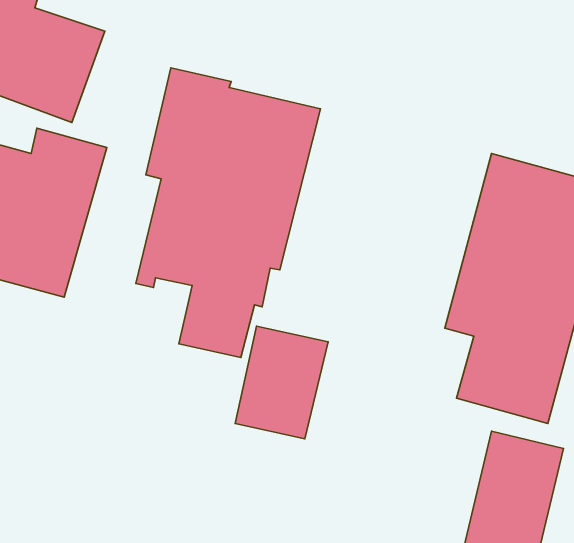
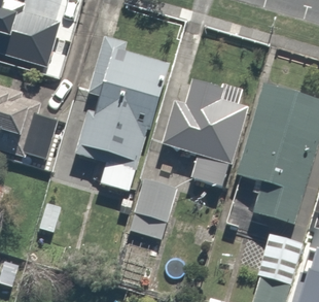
building: none -> [161,81,247,192]

